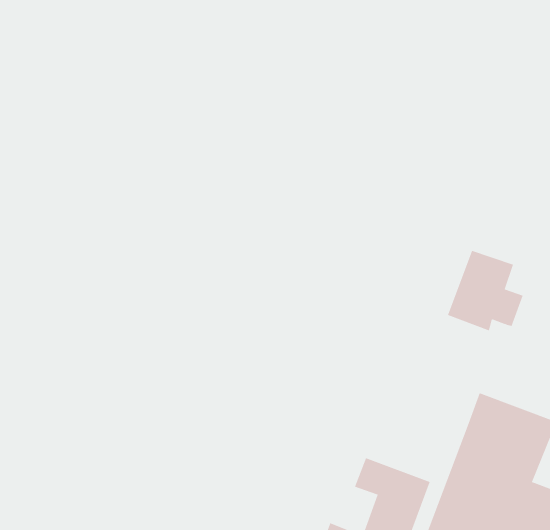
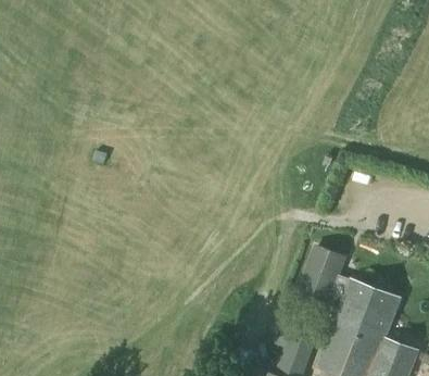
building: [447,250,523,331] -> [300,248,351,302]

